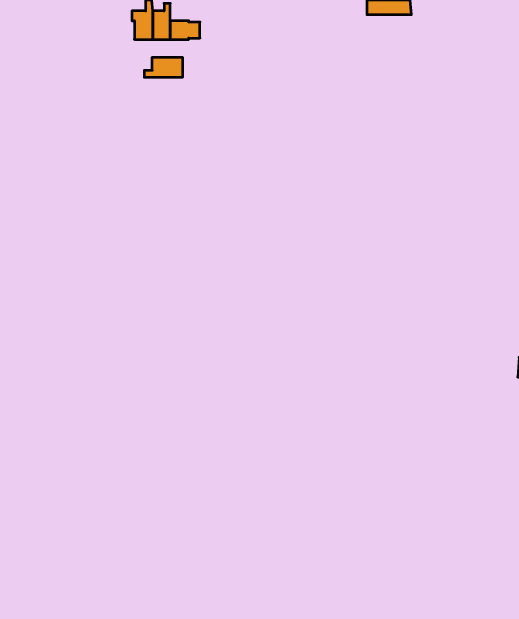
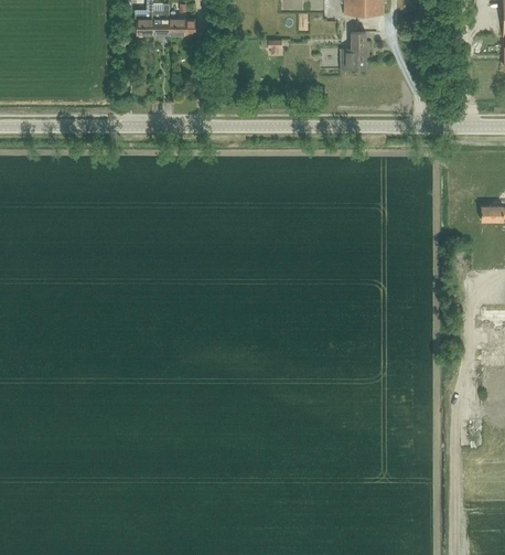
building: none -> [341,32,369,68]
building: [144,57,182,77] -> none

